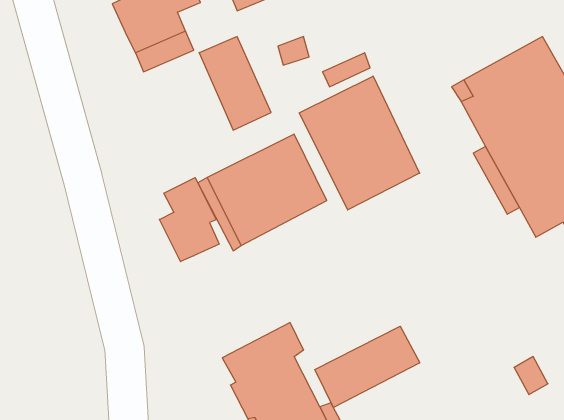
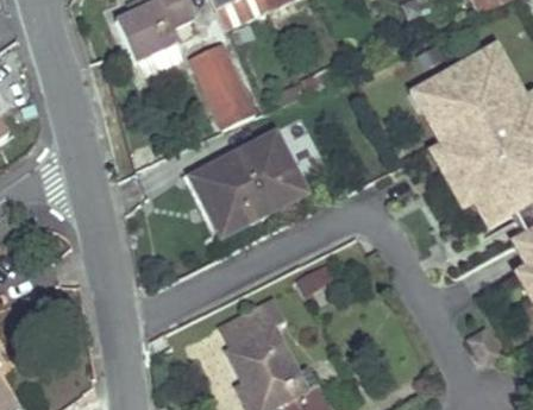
building: [299,76,420,210] -> none
building: [159,178,219,262] -> none
building: [315,326,420,407] -> none

